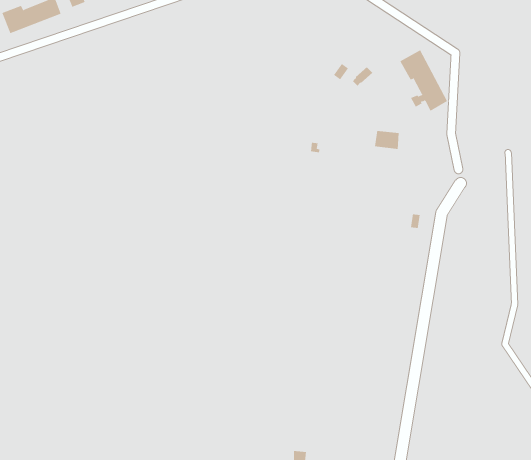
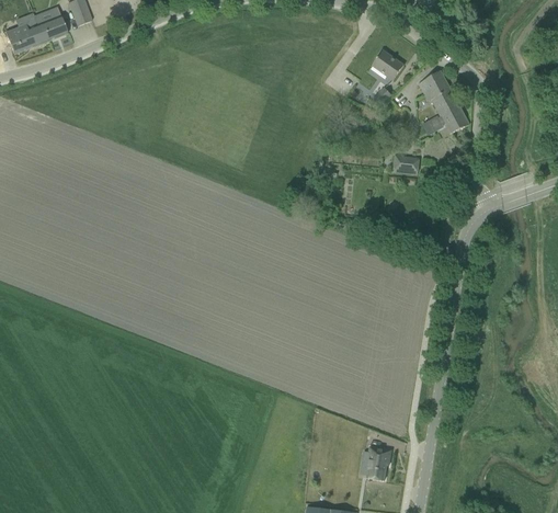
building: none -> [369,48,402,79]
building: none -> [366,445,390,479]

